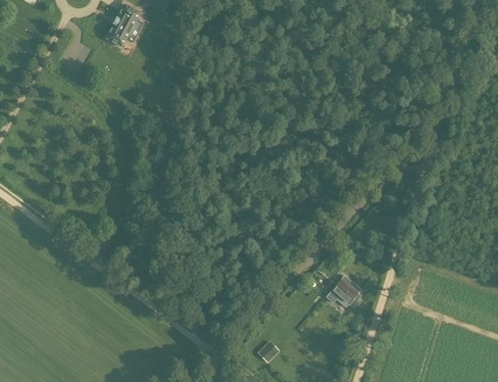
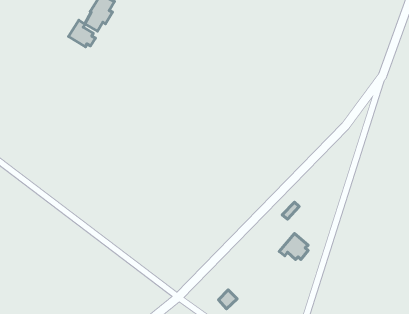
building: none -> [69,20,96,47]

